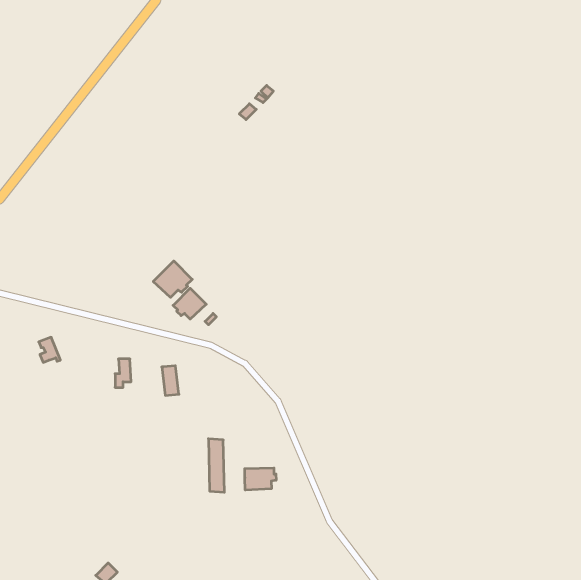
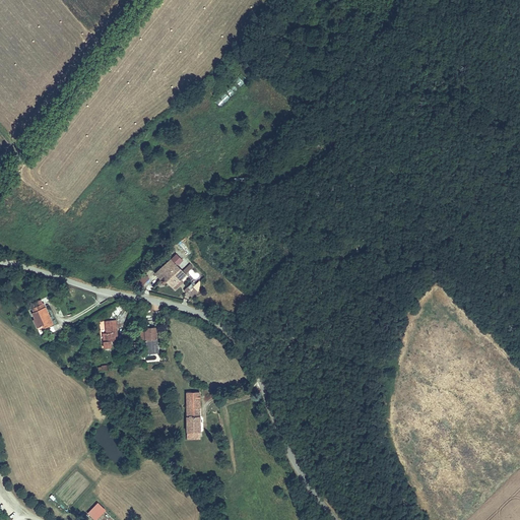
building: [153,261,192,297] -> none
building: [245,468,276,490] -> none

